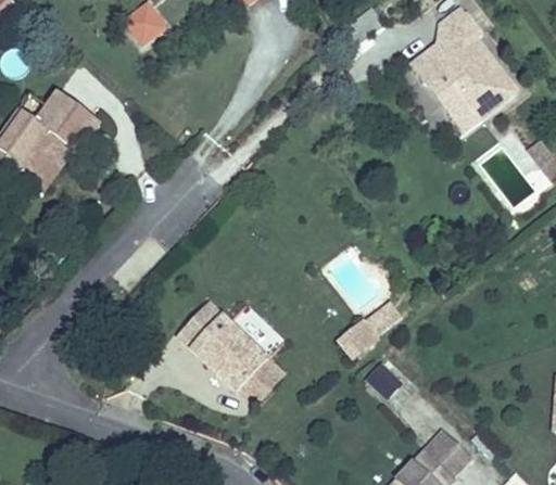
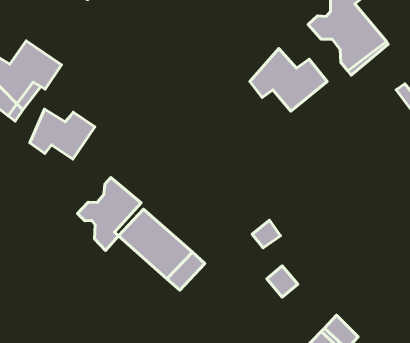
building: none -> [250,48,327,111]
building: none -> [30,109,95,159]
building: none -> [77,178,141,250]

